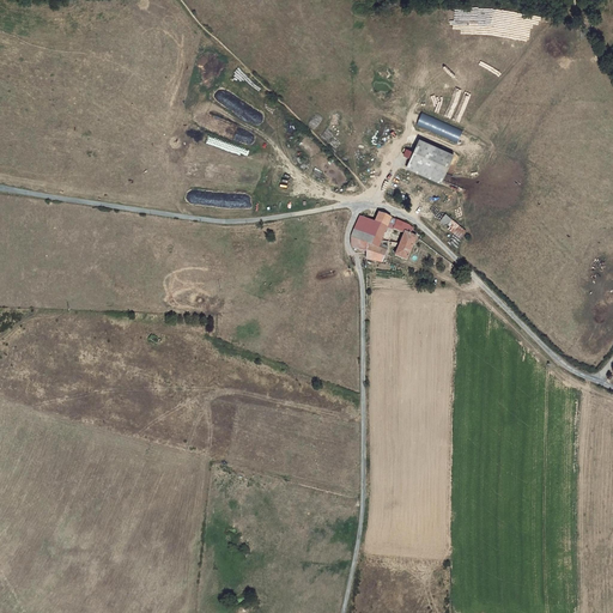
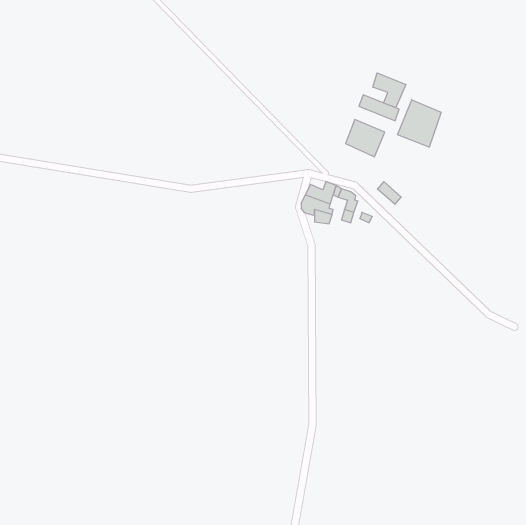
building: none -> [373,73,406,108]
building: none -> [398,100,441,147]

